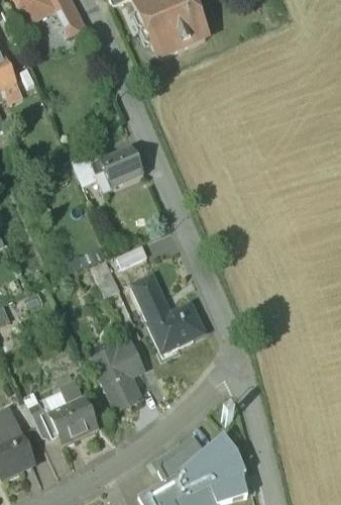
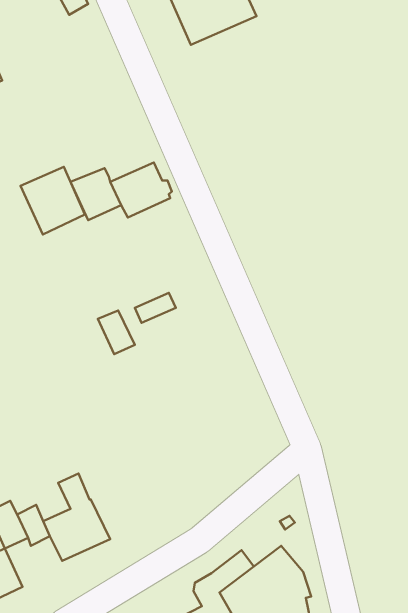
building: none -> [20,167,85,235]
building: [133,278,206,356] -> none
building: [95,344,145,413] -> none

